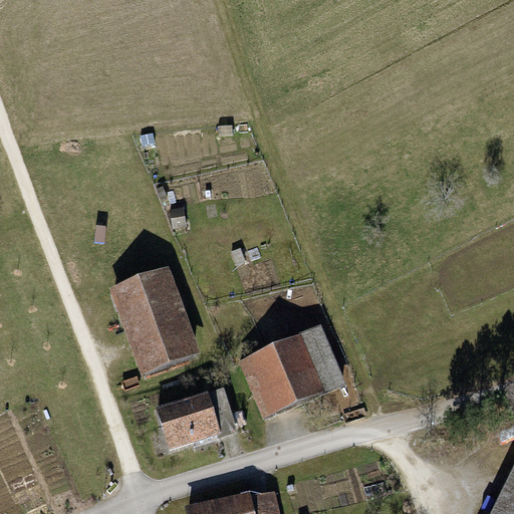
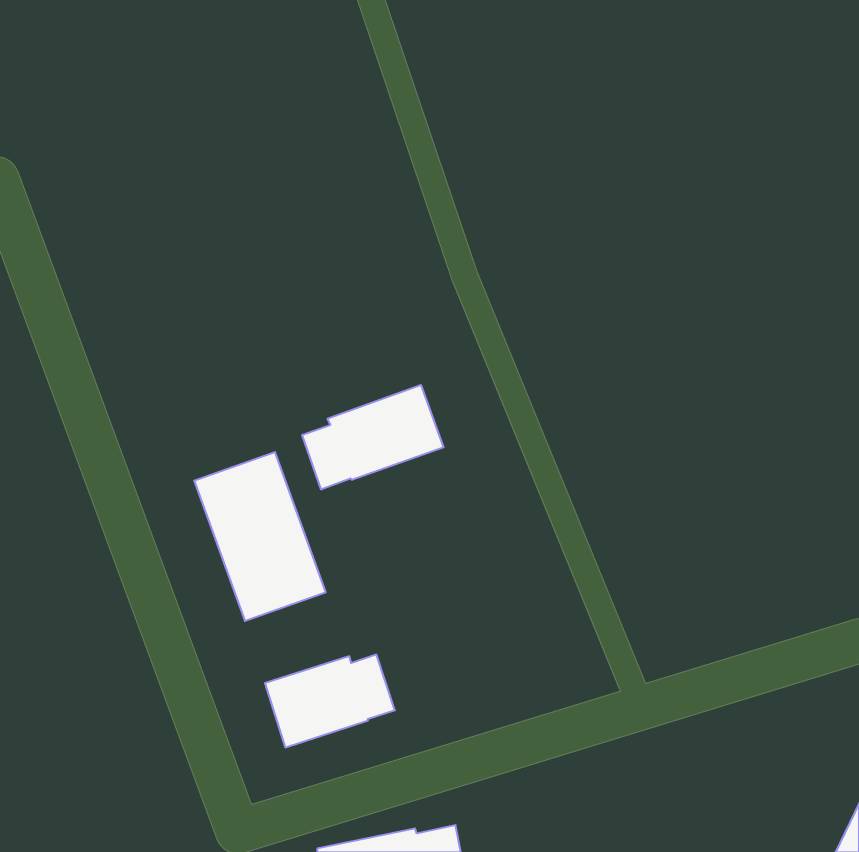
building: none -> [302,385,444,490]
building: [240,327,341,416] -> none

